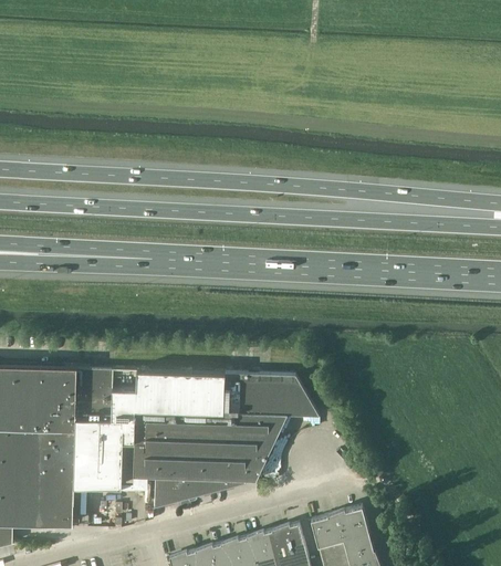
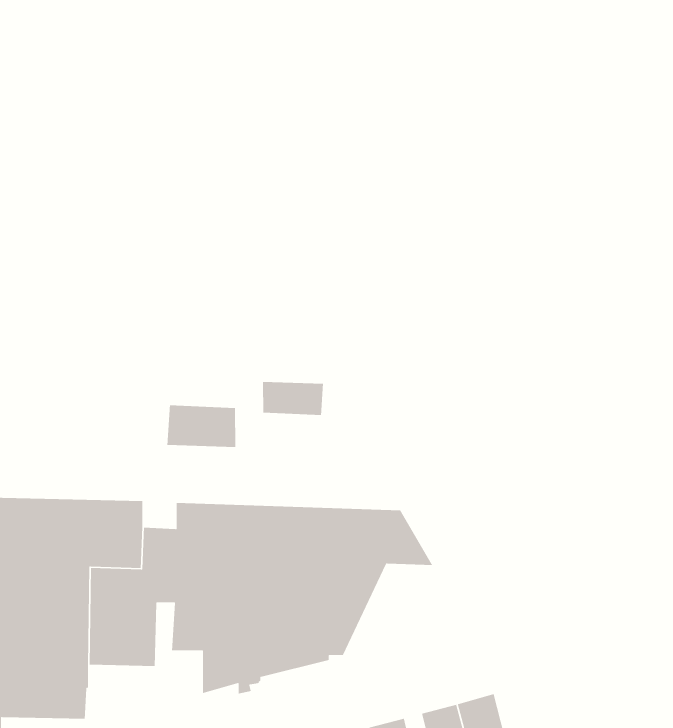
building: none -> [262,381,324,416]
building: none -> [167,404,236,448]

